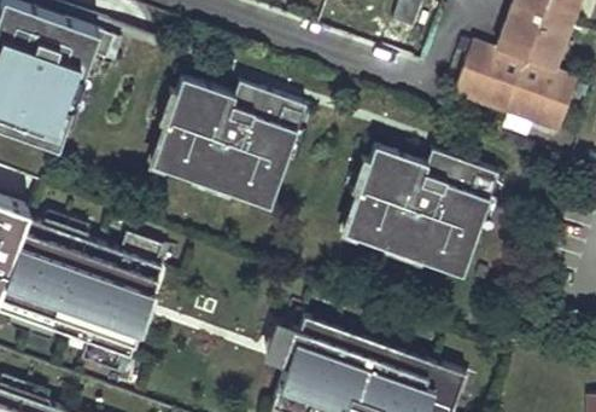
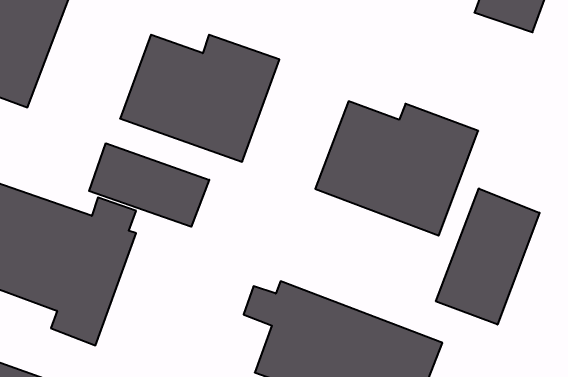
building: [454,46,578,134] -> none
building: none -> [89,143,209,227]
building: none -> [436,188,540,325]

